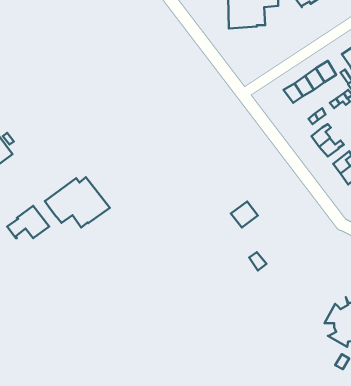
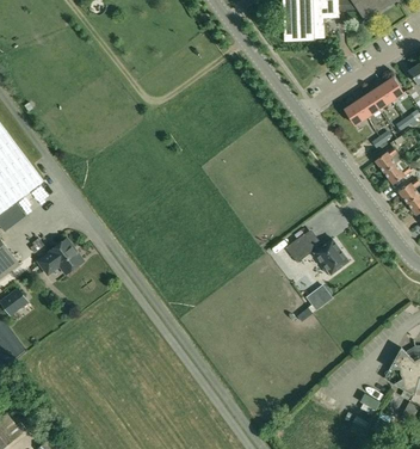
building: [45,177,110,227] -> none
building: none -> [314,239,348,275]

